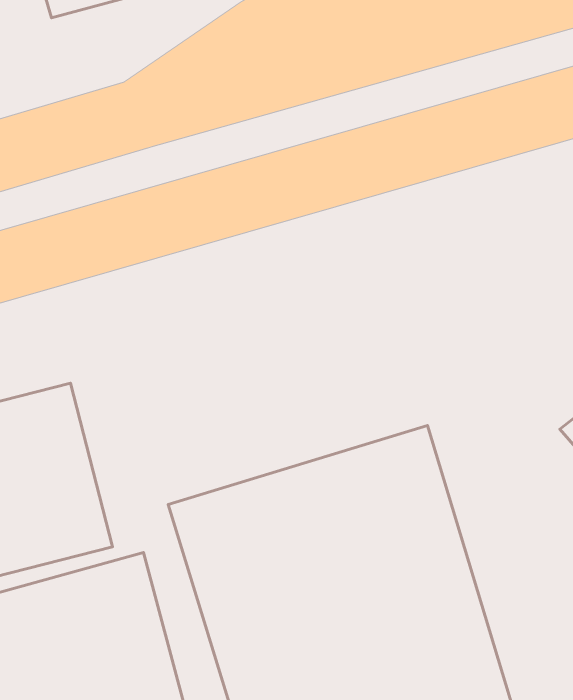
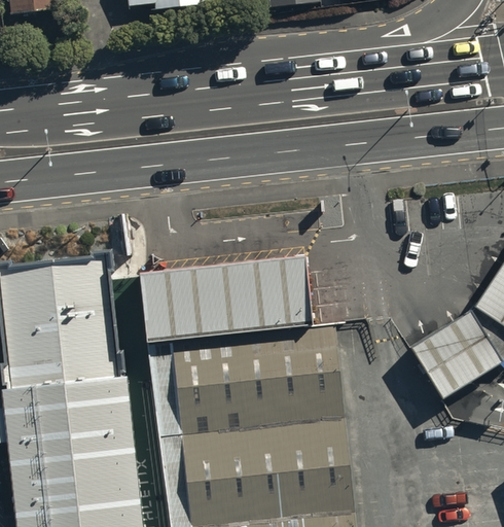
building: none -> [146,253,320,340]

